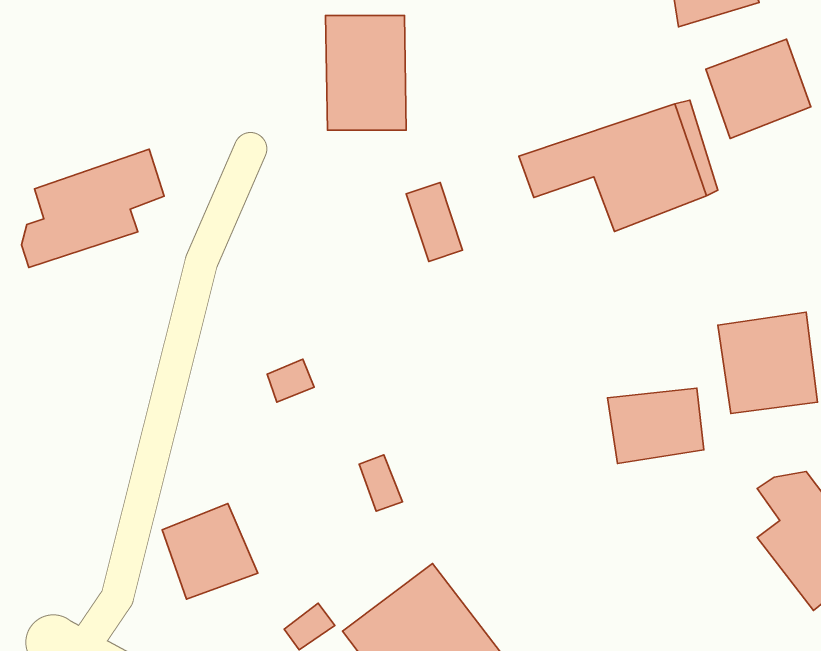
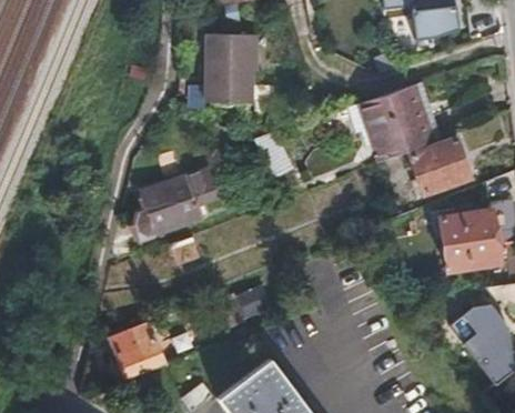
building: [706,39,811,139] -> [410,138,472,197]
building: [21,149,164,268] -> [135,169,220,239]
building: [608,388,704,464] -> none

